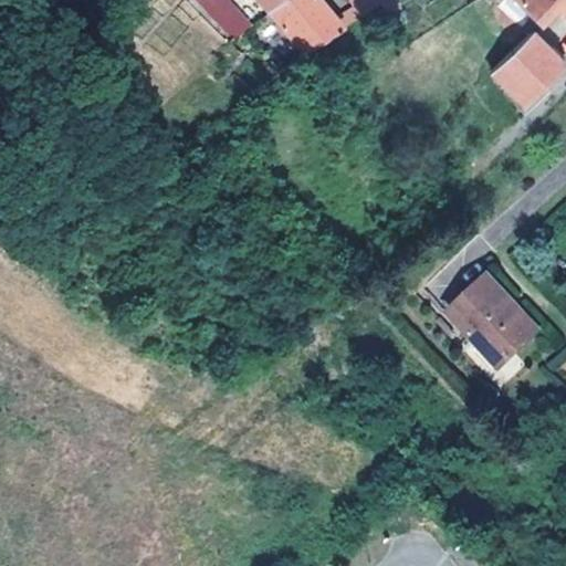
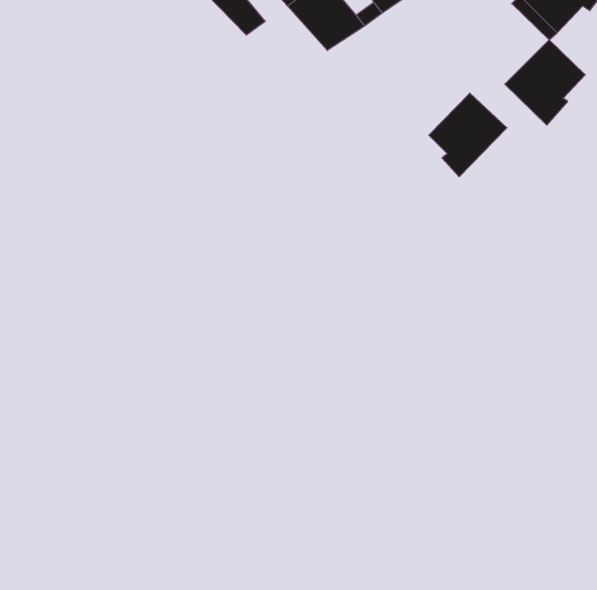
building: none -> [429,93,507,177]
building: [452,273,542,364] -> none

